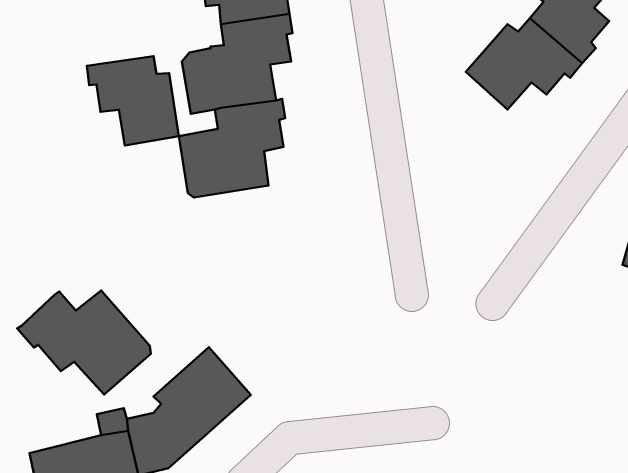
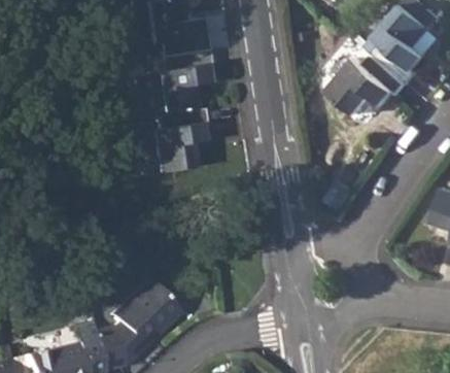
building: [87,56,179,145] -> none
building: [17,290,151,395] -> none

